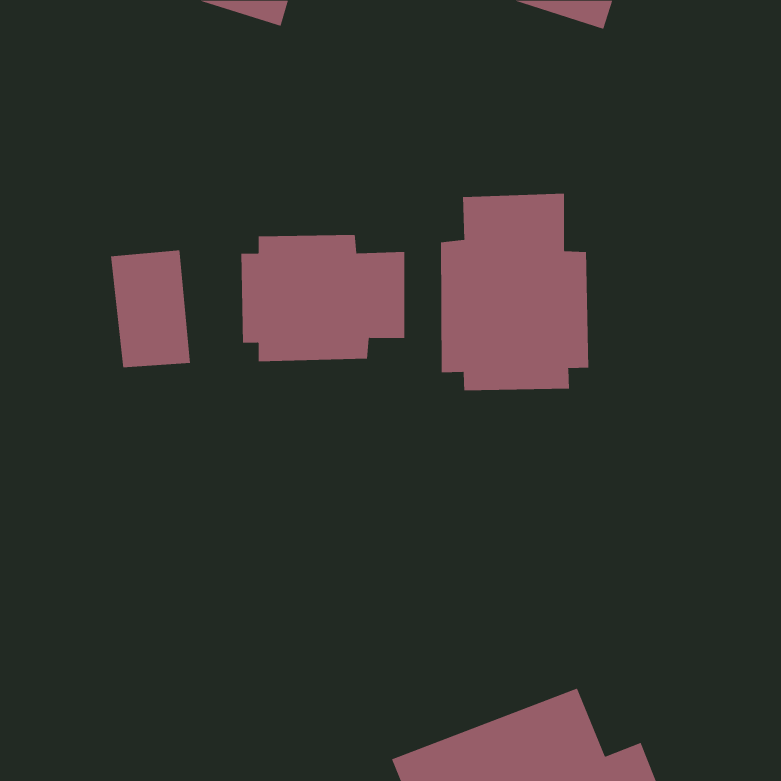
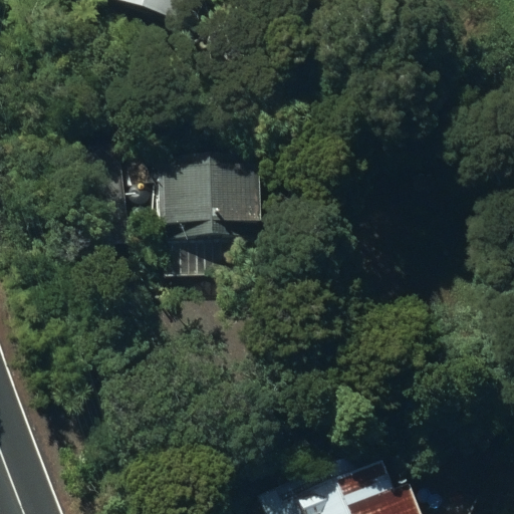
building: [440,193,589,391] -> none

